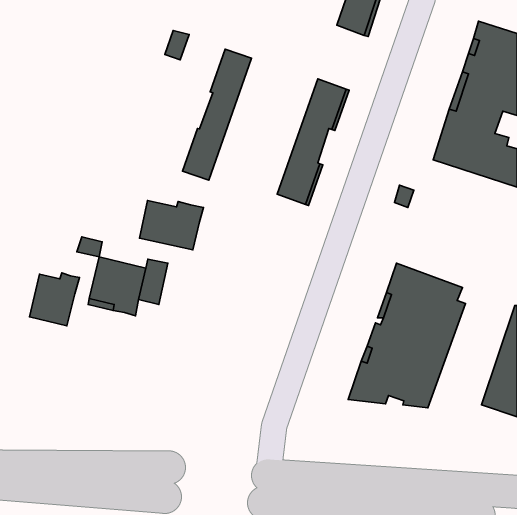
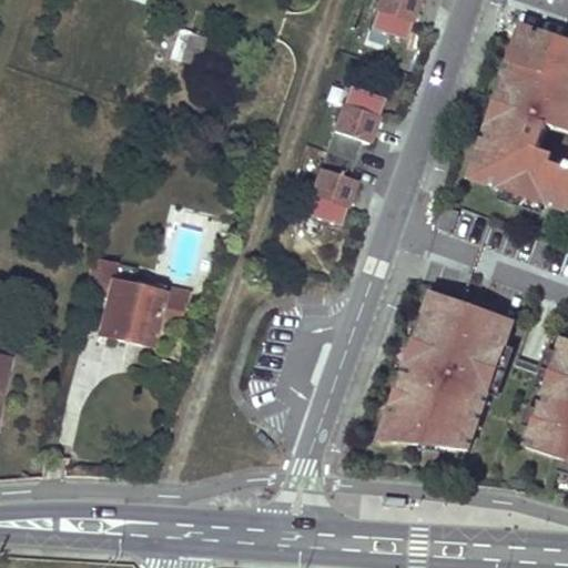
building: [182,49,252,180] -> none
building: [139,201,204,250] -> none
building: [30,273,79,326] -> none

